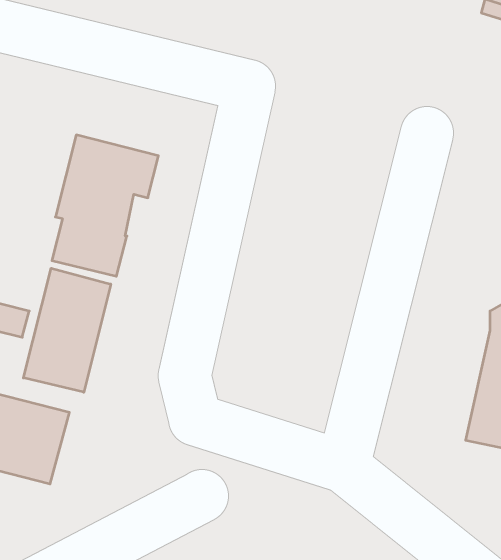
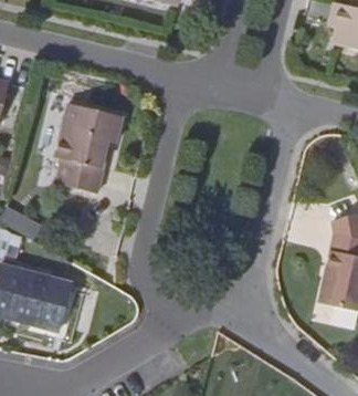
building: [23,268,111,392] -> none

